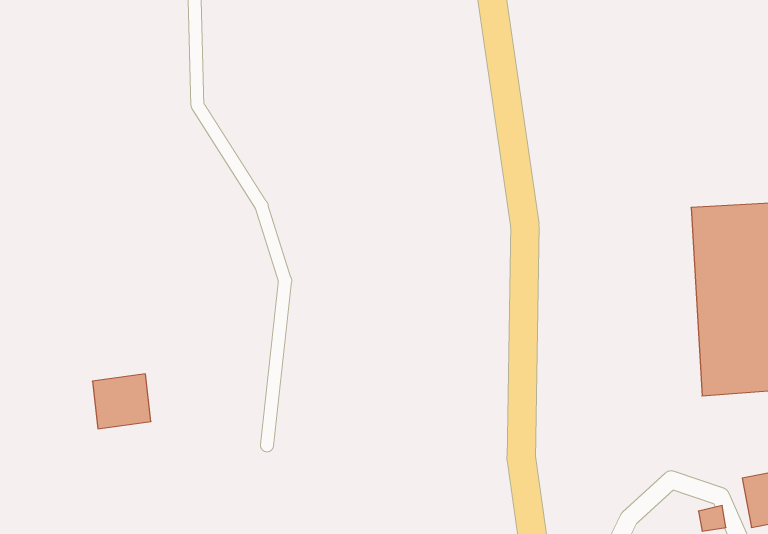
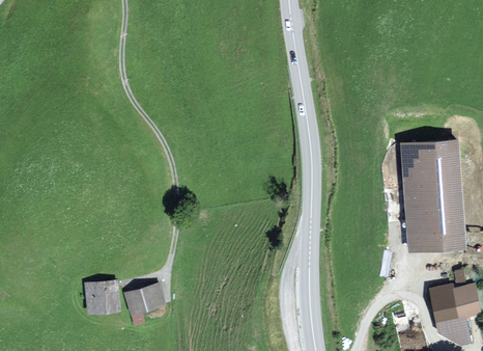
building: [92,374,151,429] -> [85,281,118,313]
building: none -> [126,287,161,313]

